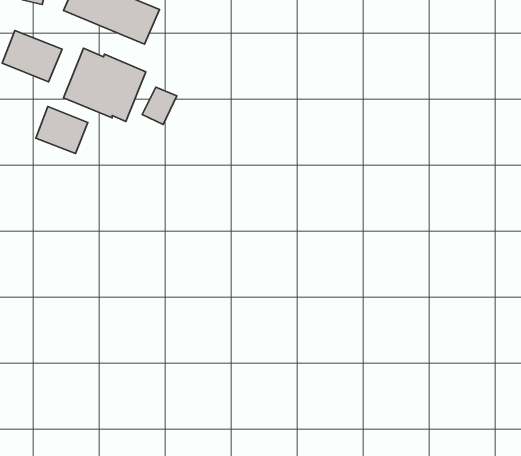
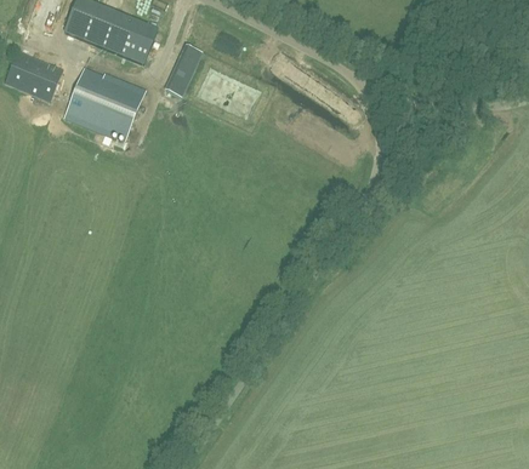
building: [142,87,177,124] -> [161,57,195,93]
building: [36,107,88,153] -> none

